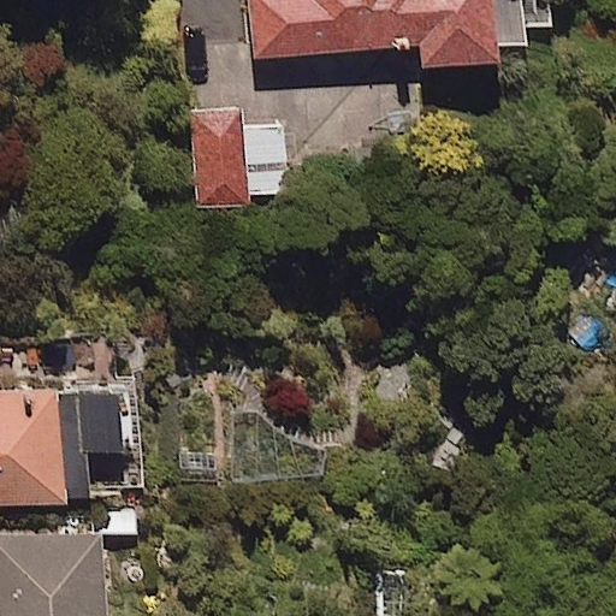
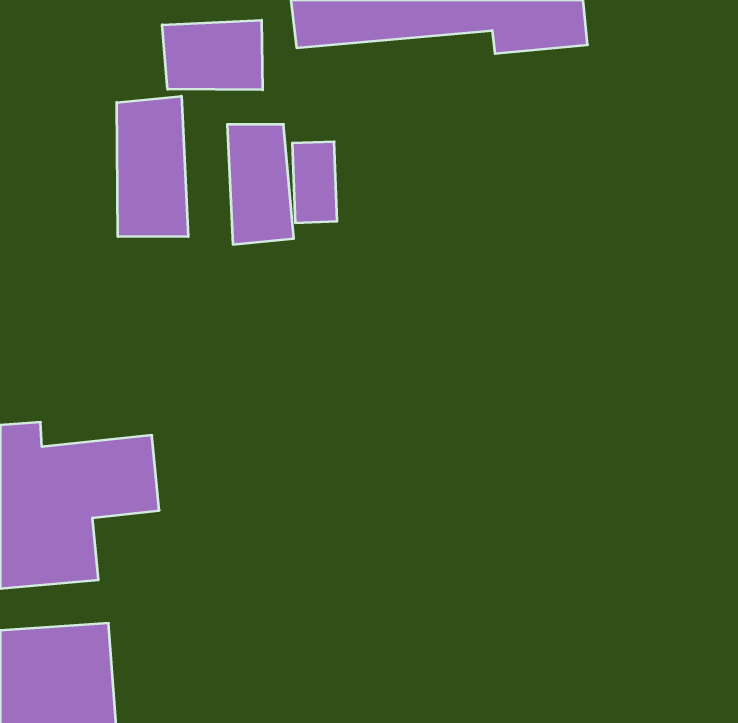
building: none -> [162,20,263,90]
building: none -> [117,96,188,237]

